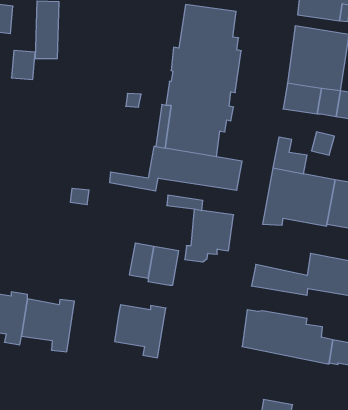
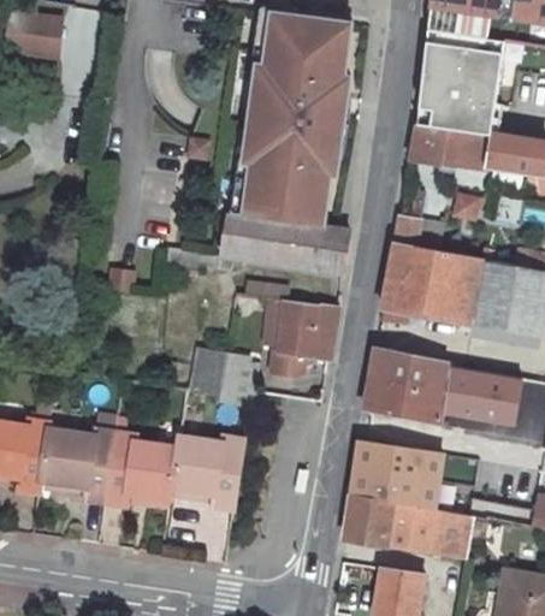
building: [11,50,35,79] -> [24,14,58,55]
building: none -> [369,348,446,393]
building: none -> [103,430,177,504]
building: none -> [344,493,470,558]

